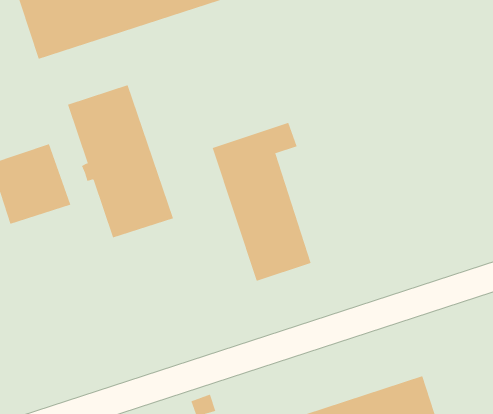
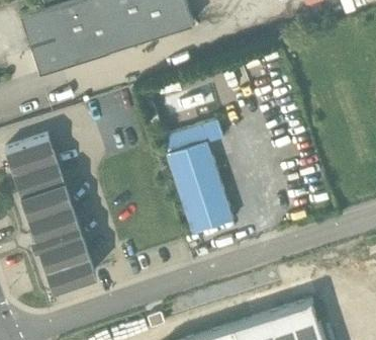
building: [67,85,174,238] -> [18,179,94,288]

